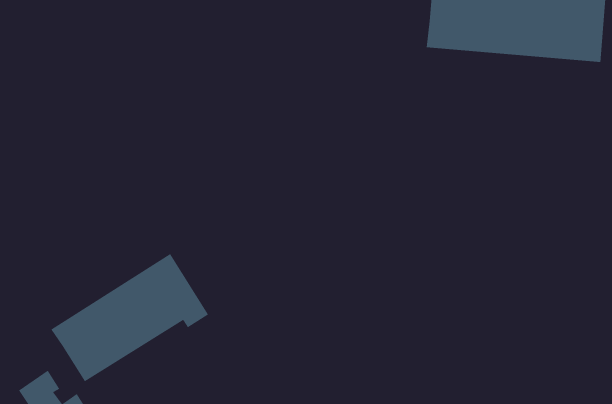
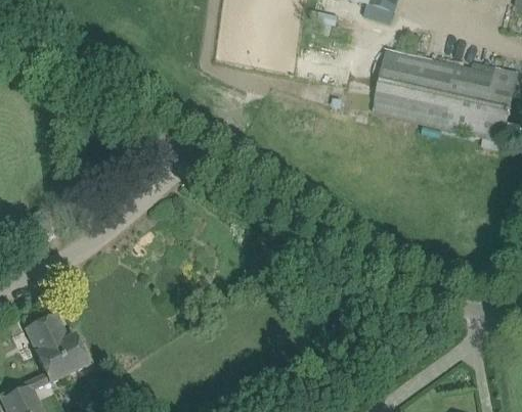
building: [51,253,209,382] -> none

